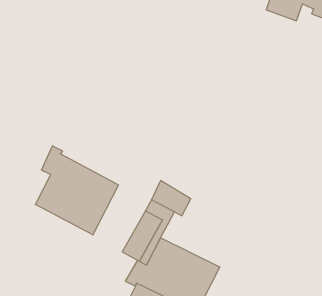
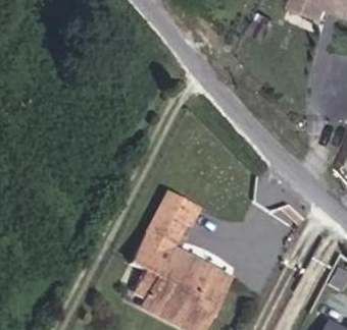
building: [35,146,118,235] -> none

